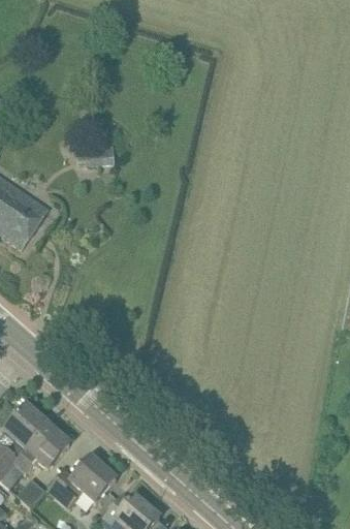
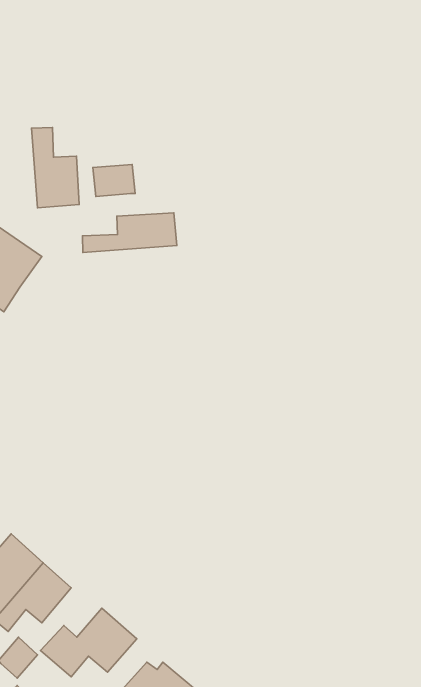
building: none -> [32,128,79,208]
building: none -> [82,213,177,252]

